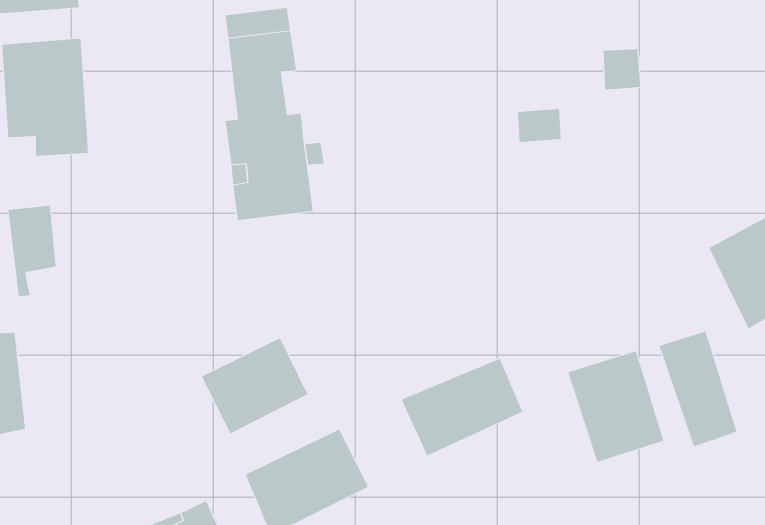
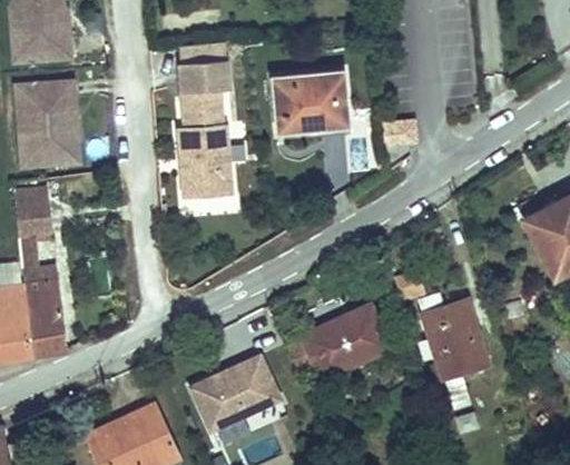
building: none -> [271,69,350,138]
building: none -> [18,266,67,355]
building: [659,331,737,447] -> none
building: [201,338,308,434] -> none

